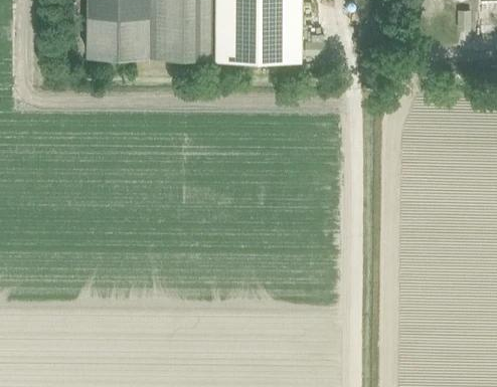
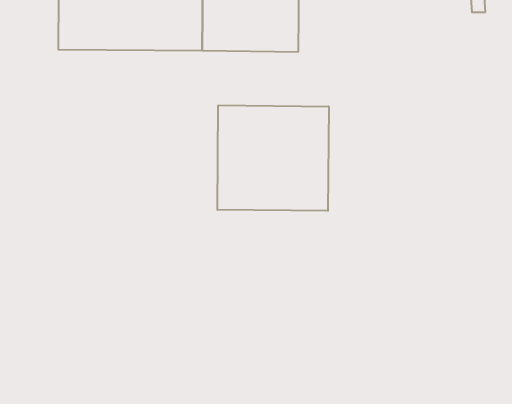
building: none -> [217,105,329,211]

